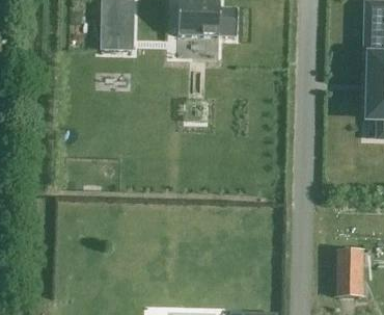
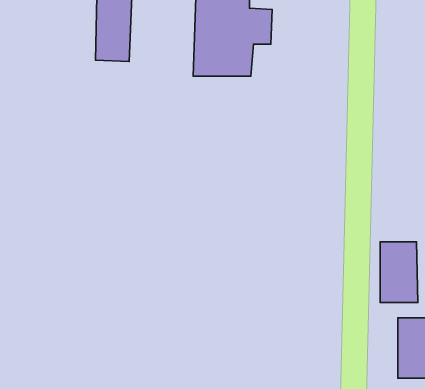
building: none -> [380,242,418,302]

